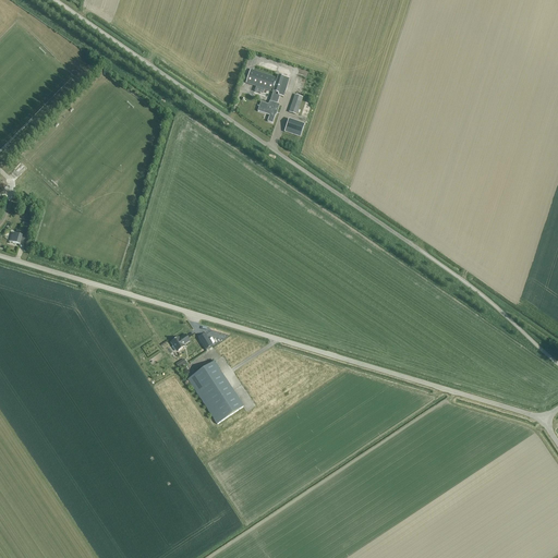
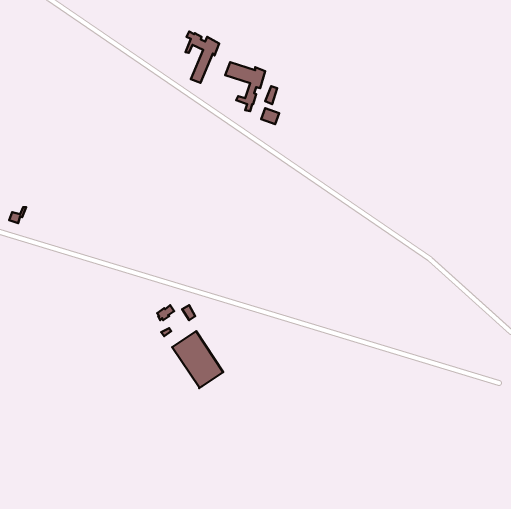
building: none -> [185,31,219,83]

